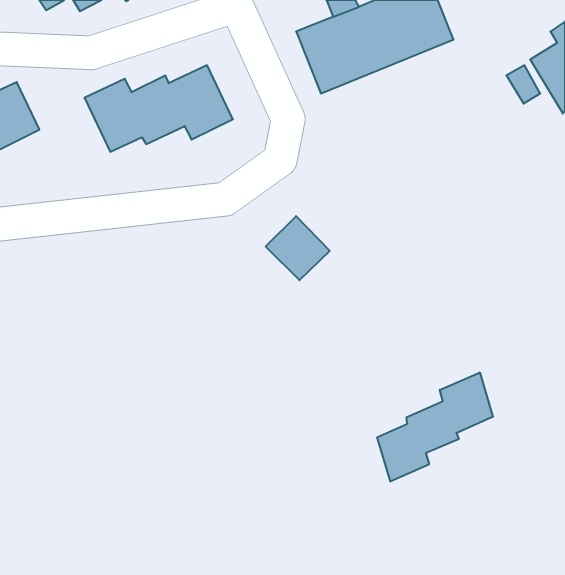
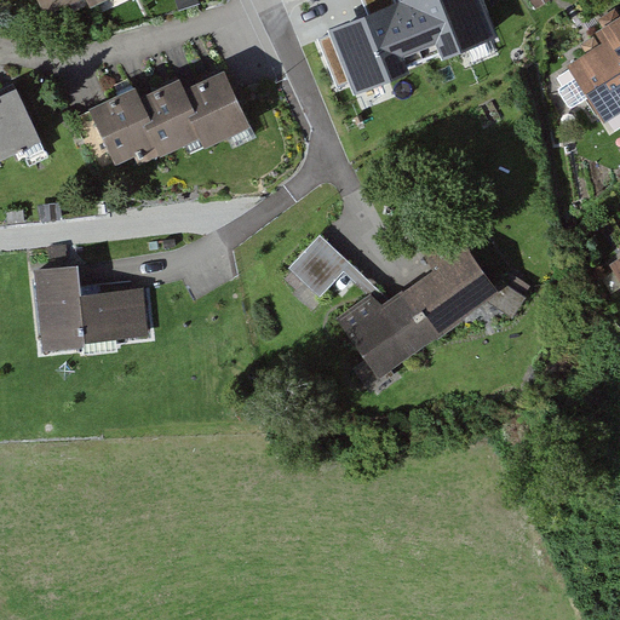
building: none -> [340,222,501,374]
building: none -> [35,266,143,348]
building: [377,372,493,482] -> none

